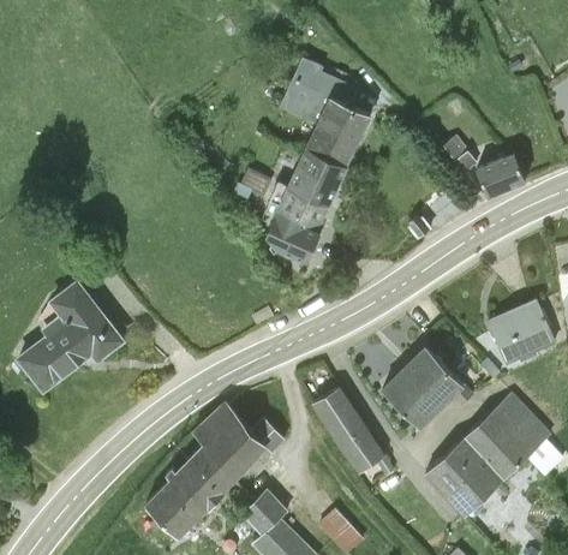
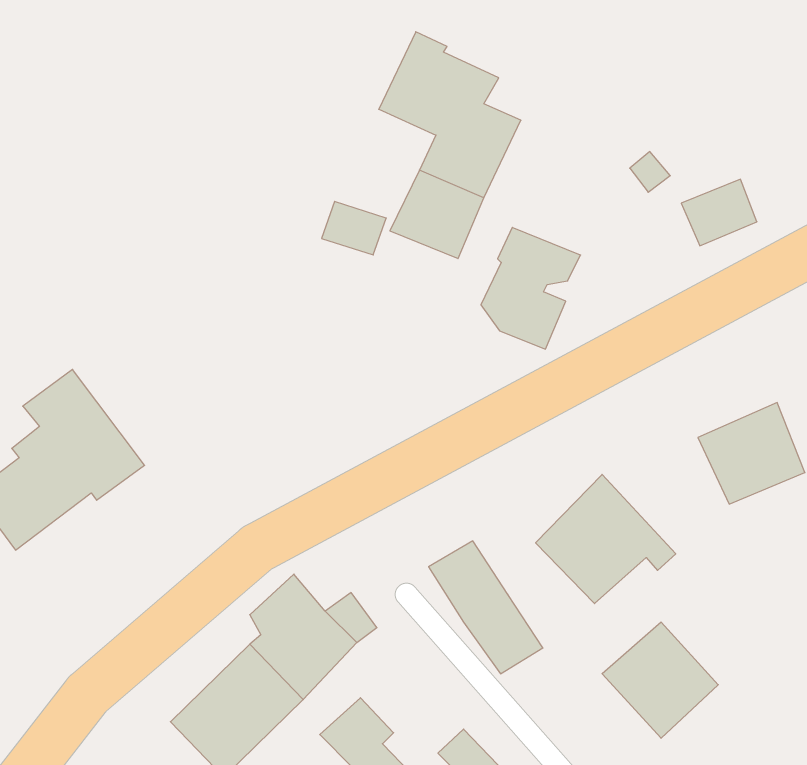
building: [265,186,330,265] -> [481,227,581,349]
building: [462,395,550,482] -> none

